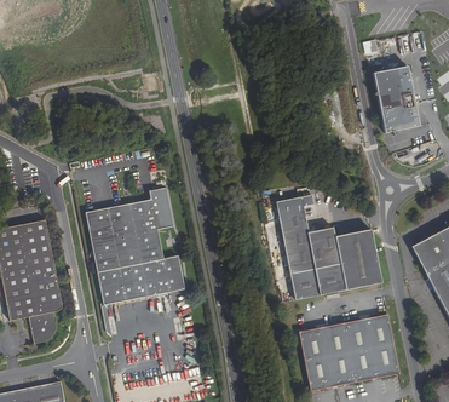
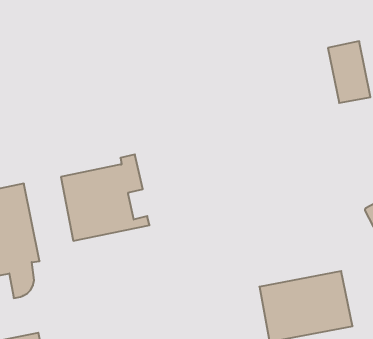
building: [276,193,381,299] -> none
building: [98,264,185,304] -> none

